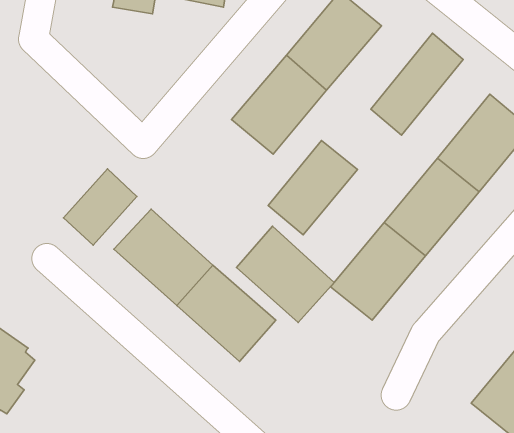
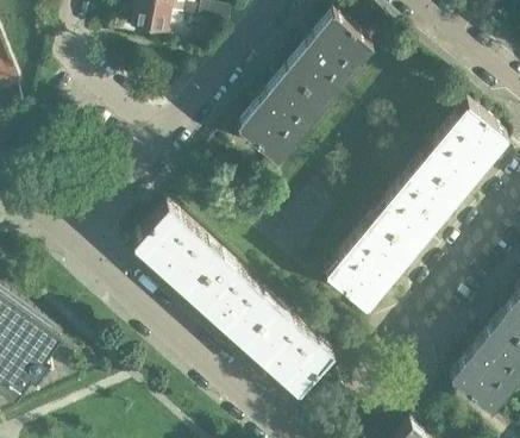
building: [371,33,463,135] -> none
building: [268,141,358,235] -> none
building: [64,169,137,245] -> none
building: [237,226,334,322] -> [244,308,331,394]

